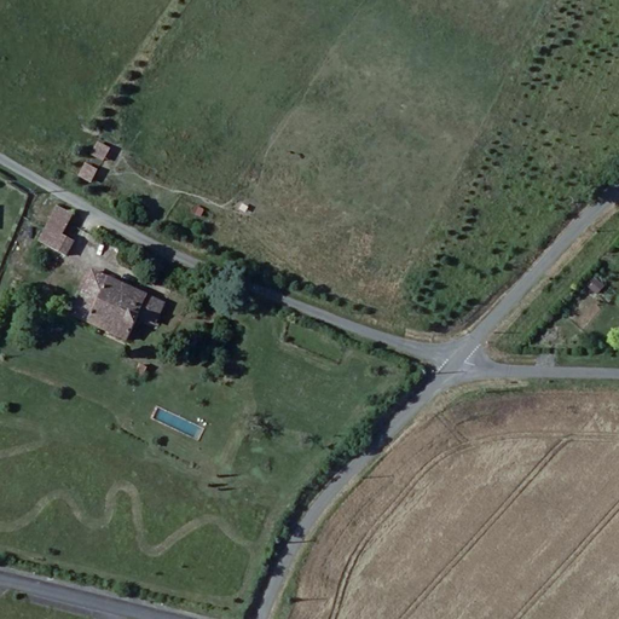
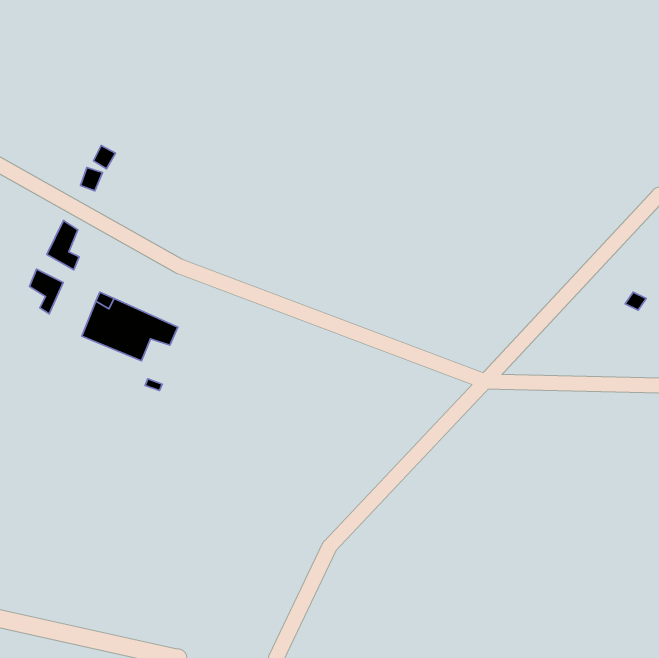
building: none -> [30,269,63,314]

